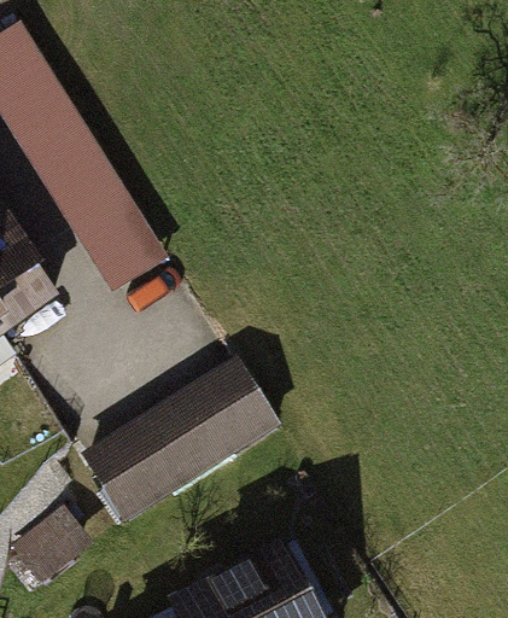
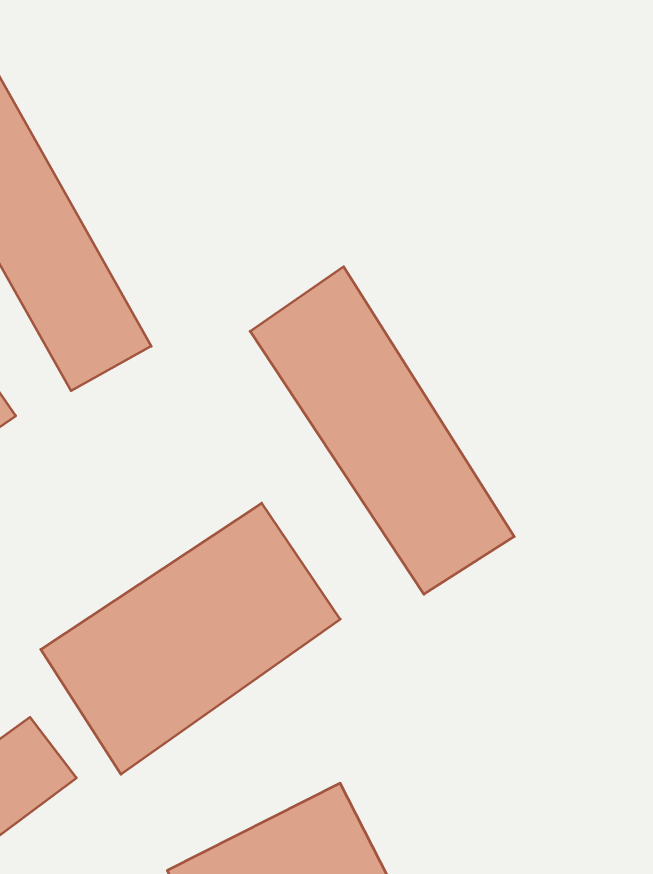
building: none -> [250,267,514,594]

